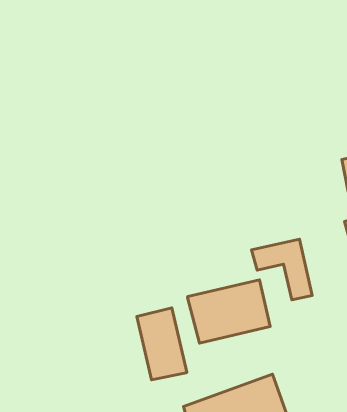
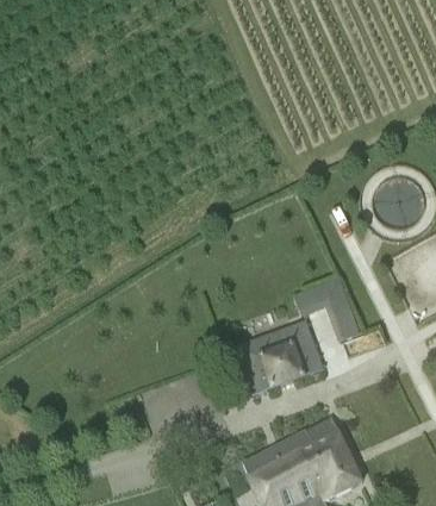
building: [137,308,187,380] -> none

